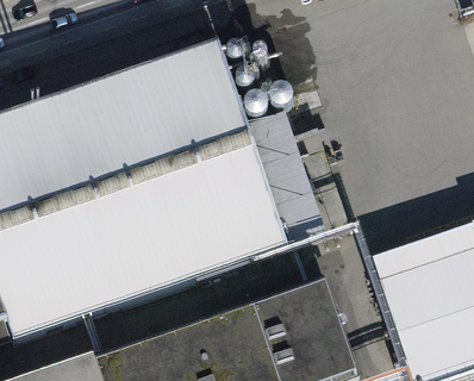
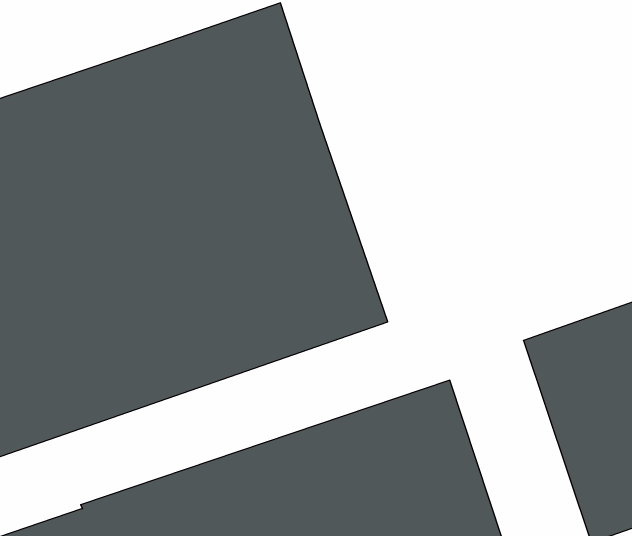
building: [244,104,326,243] -> none

